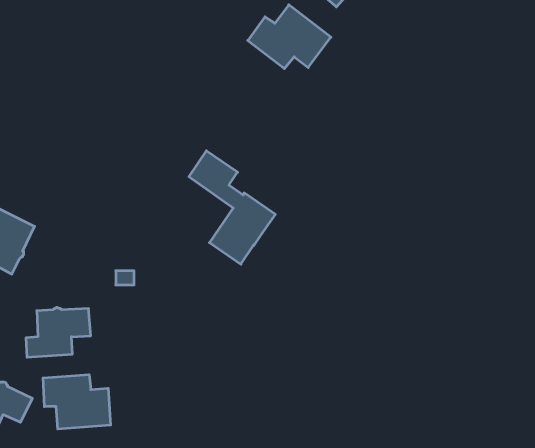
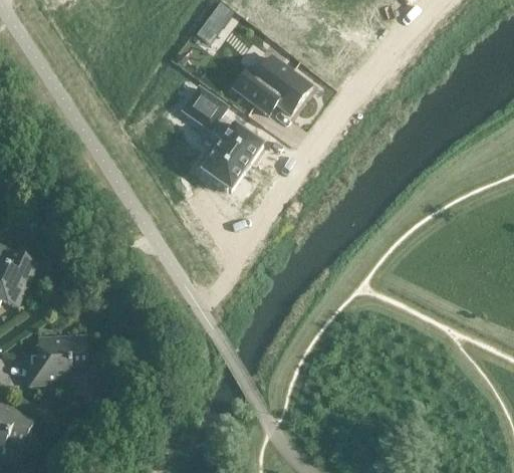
building: [189,151,275,264] -> [181,83,261,189]
building: [43,375,111,429] -> none

